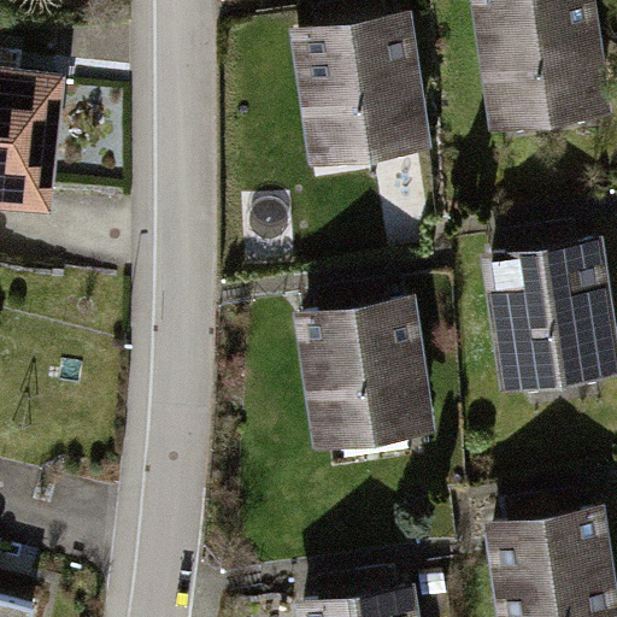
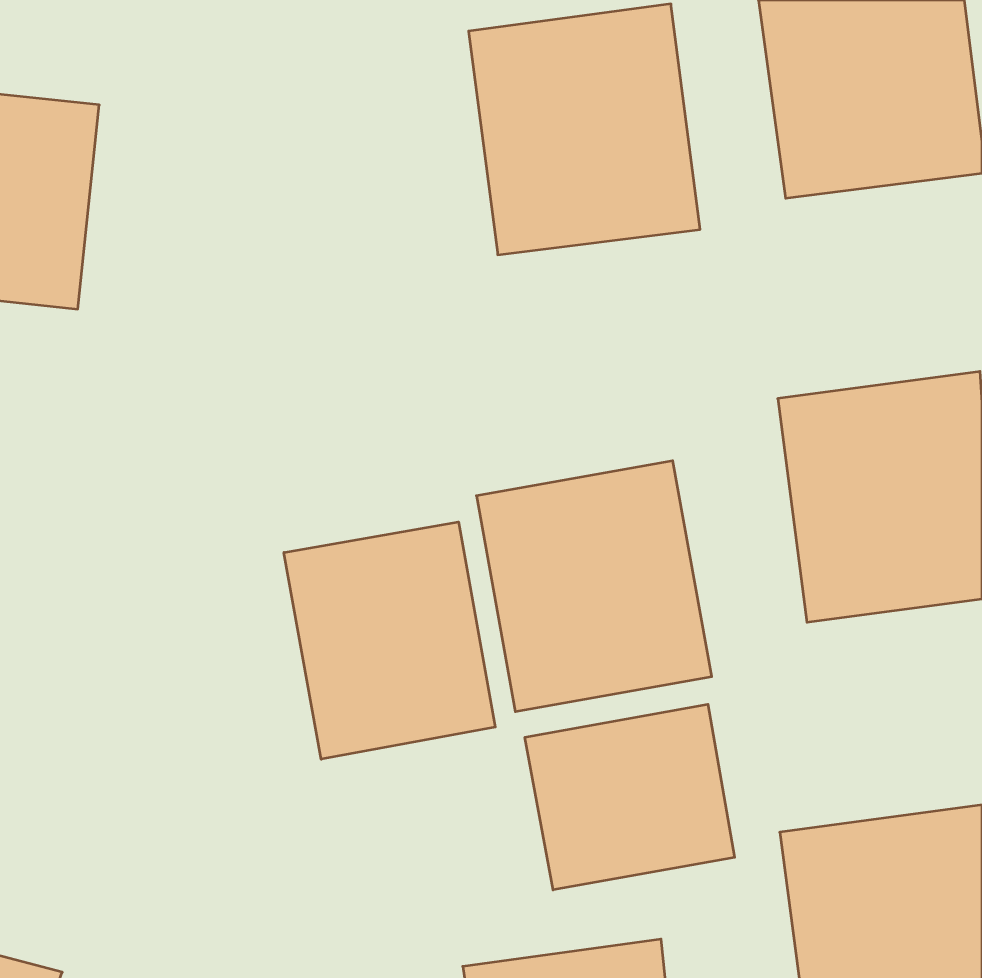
building: none -> [284,522,495,759]
building: none -> [525,704,735,890]

